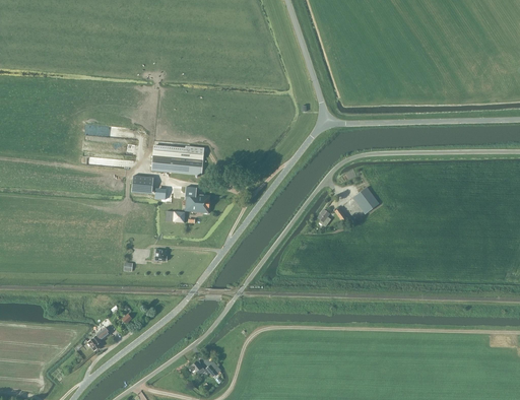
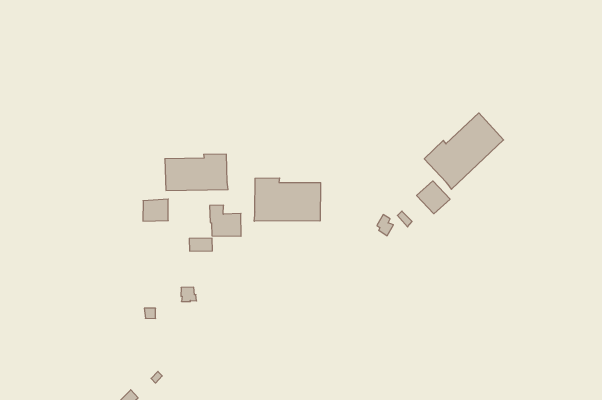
building: none -> [424,113,504,189]
building: none -> [254,178,321,221]

